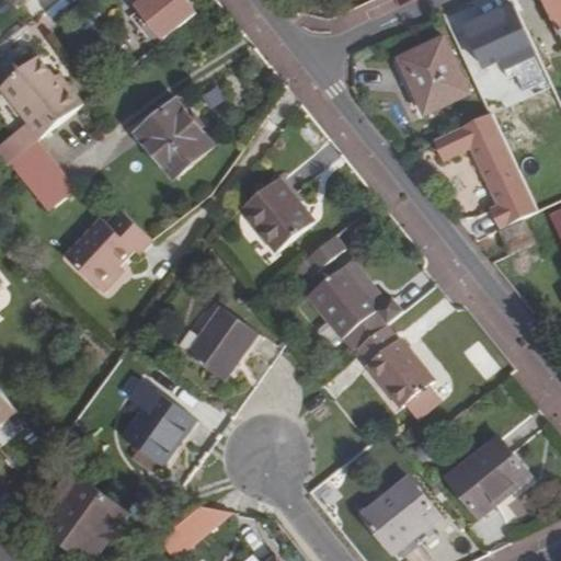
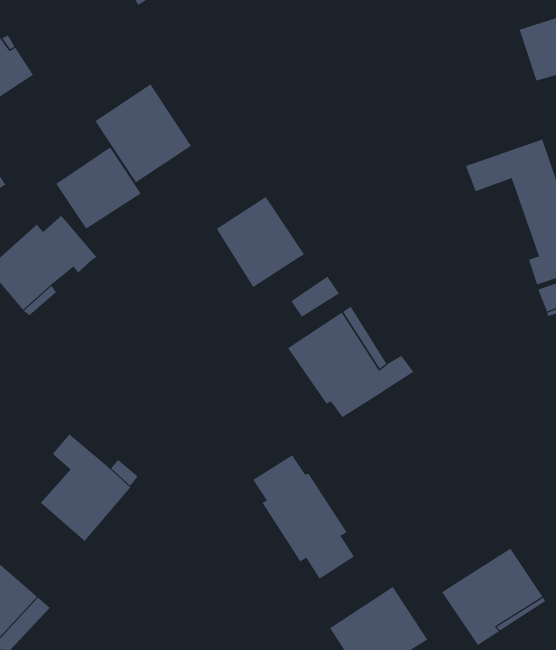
building: [397,37,468,114] -> none
building: none -> [56,146,142,229]
building: [184,307,255,380] -> none
building: [354,323,440,420] -> [253,455,355,579]

